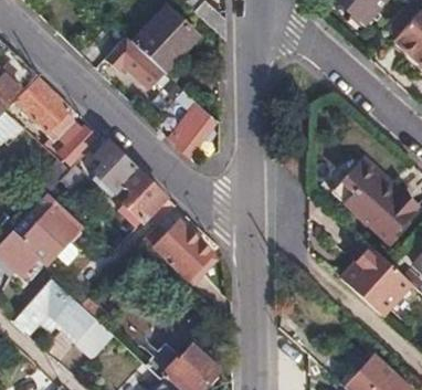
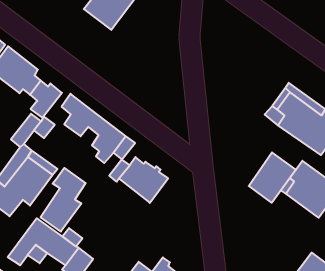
building: [104,38,163,89] -> none
building: [169,104,218,154] -> none
building: none -> [41,168,86,232]
building: none -> [249,152,296,203]

